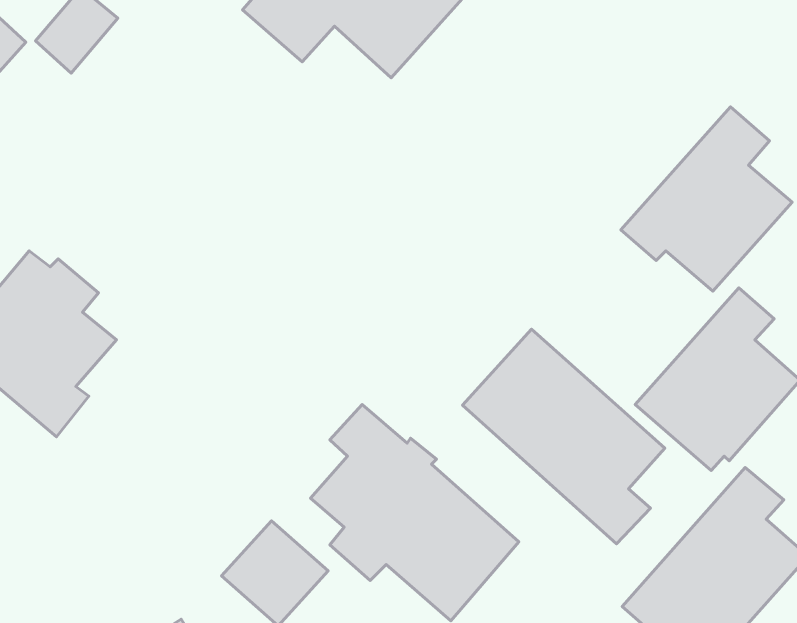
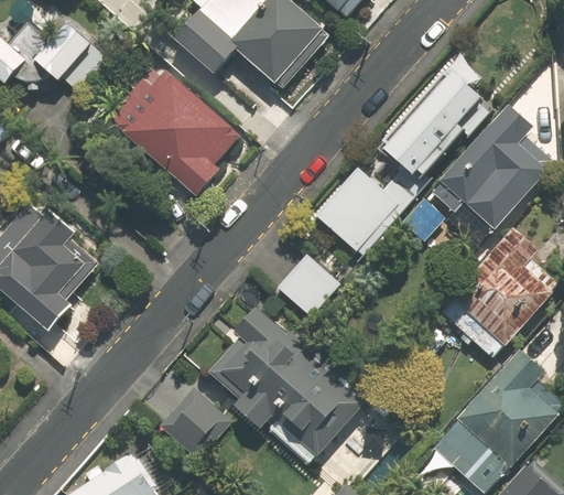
building: none -> [315,72,491,252]
building: none -> [109,74,240,196]
building: none -> [278,252,340,315]
building: [463,329,665,544] -> none

